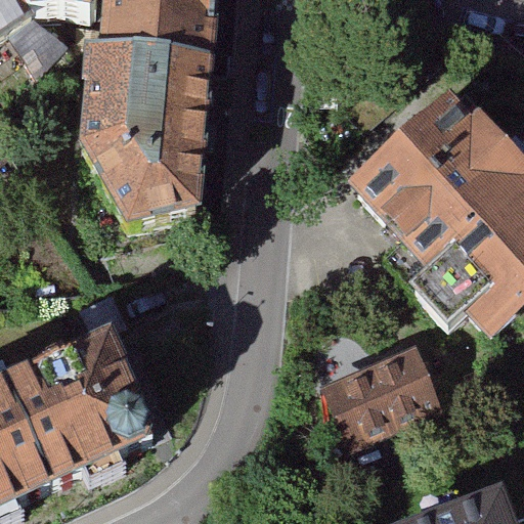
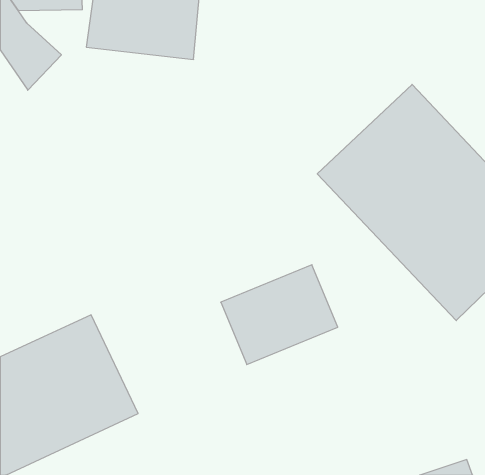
building: [78,49,212,230] -> none
building: [325,344,450,450] -> [221,265,338,365]

